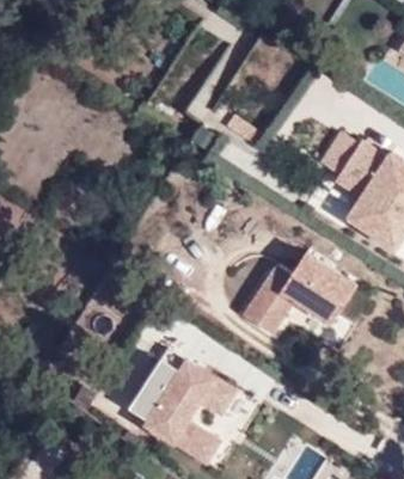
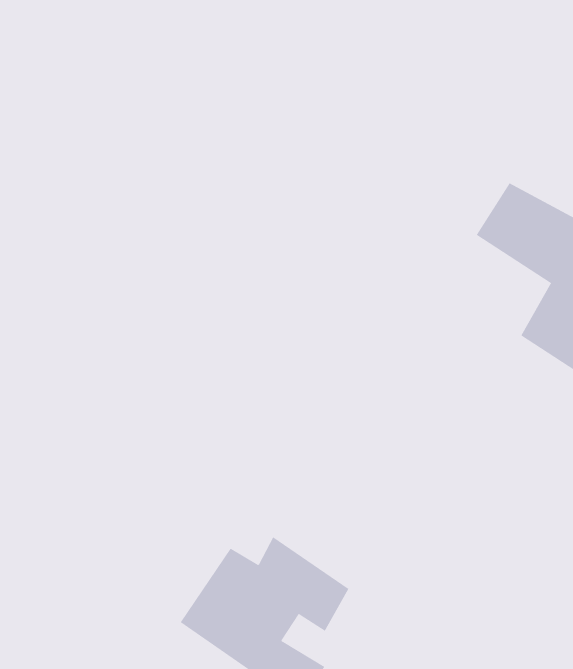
building: [241,252,357,338] -> none

